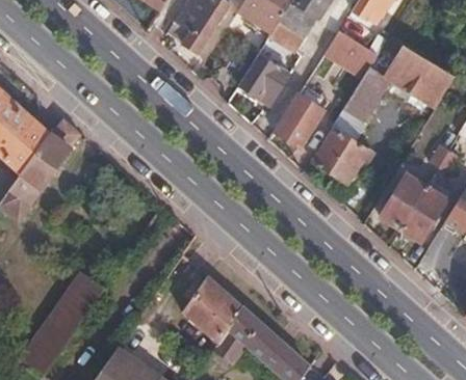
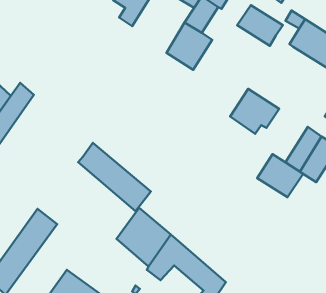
building: [343,64,390,119] -> none
building: [273,93,322,146] -> none
building: none -> [78,143,151,211]
building: none -> [257,154,303,197]

